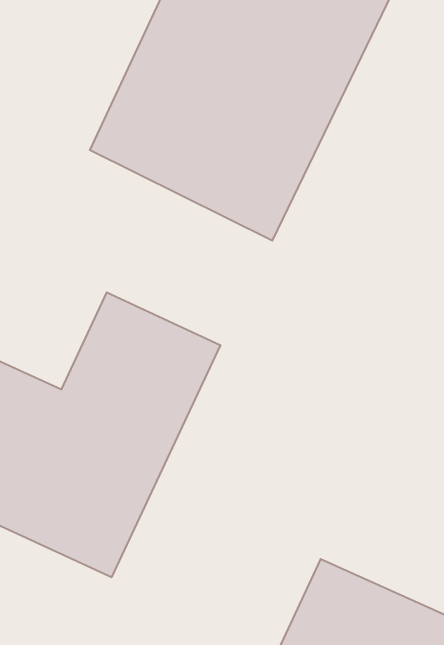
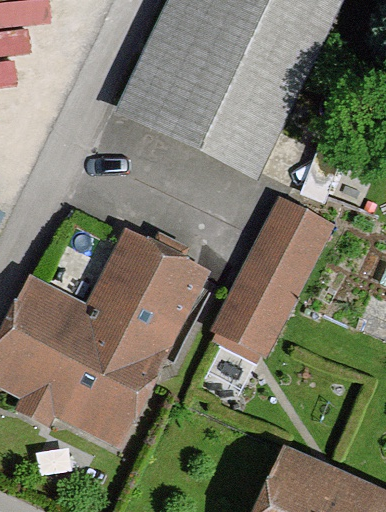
building: none -> [205,201,330,368]

